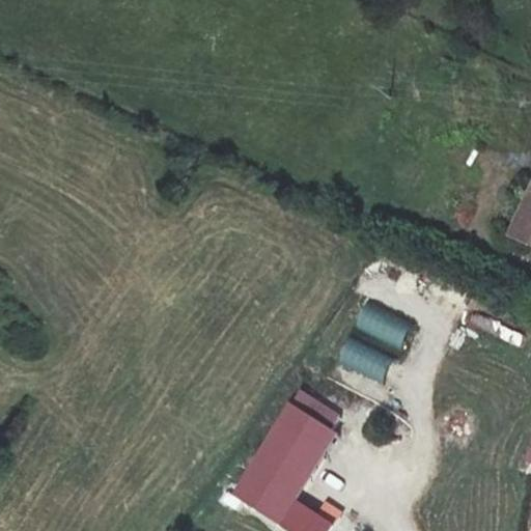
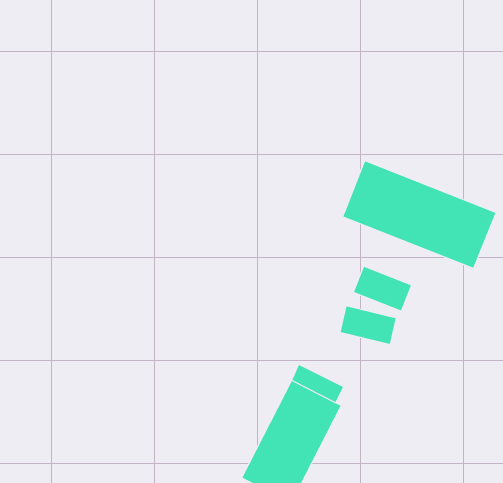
building: none -> [343,161,496,269]

